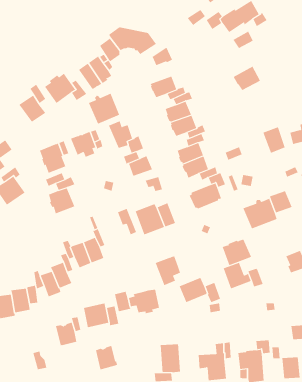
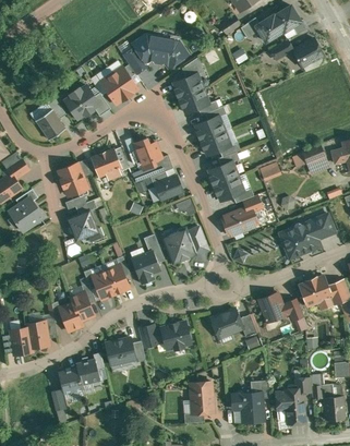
building: none -> [173,73,203,97]
building: [233,66,261,91] -> [292,38,323,65]
building: [88,93,120,125] -> none
building: [222,239,252,266] -> [299,276,331,305]
building: [155,256,181,286] -> [131,251,159,284]
building: [95,345,118,370] -> [58,366,83,394]

